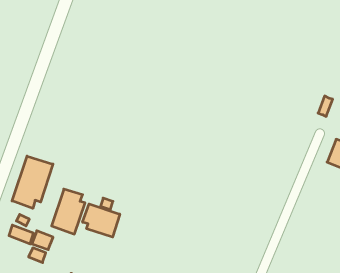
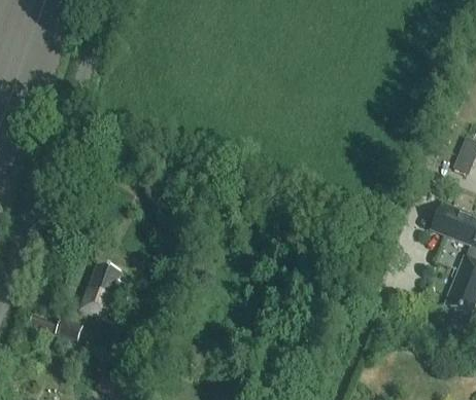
building: [12,156,53,208] -> none
building: [83,204,120,237] -> none

